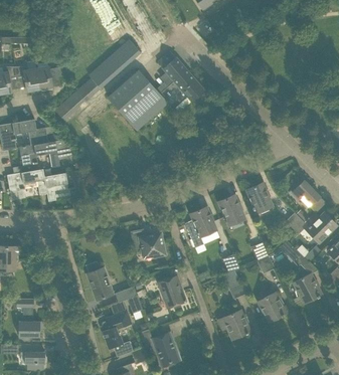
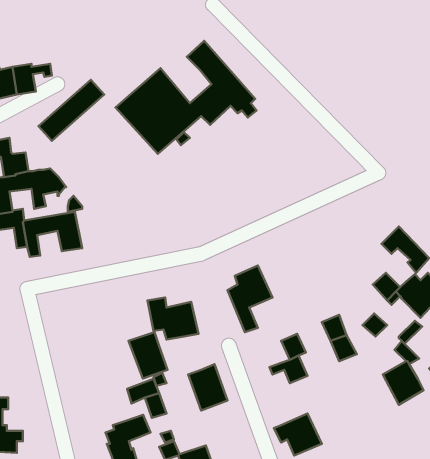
building: [89,39,140,88] -> none
building: [245,183,272,213] -> none
building: [217,195,245,226] -> none
building: [86,267,113,300] -> [128,332,168,378]
building: [258,293,286,323] -> none

